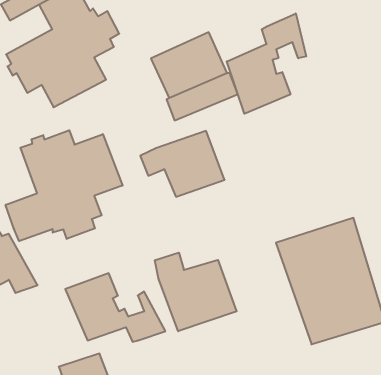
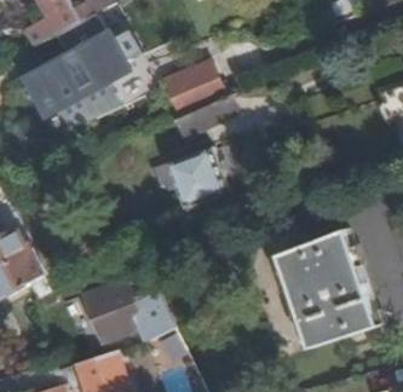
building: [227,13,306,114] -> none
building: [6,130,123,241] -> none
building: [155,253,237,331] -> none

